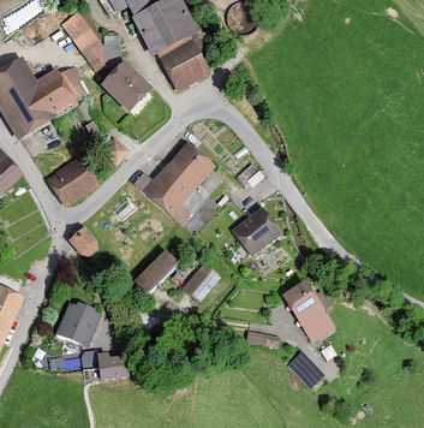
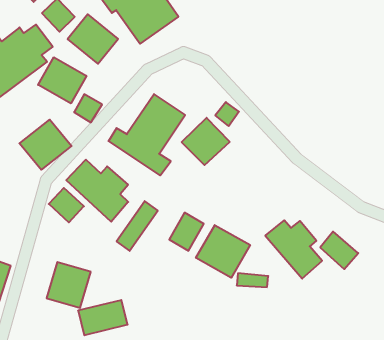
building: none -> [38,57,86,103]
building: none -> [66,160,128,222]
building: [231,208,279,255] -> [182,118,230,165]
building: none -> [196,225,250,278]
building: [287,351,324,390] -> [320,232,358,269]

